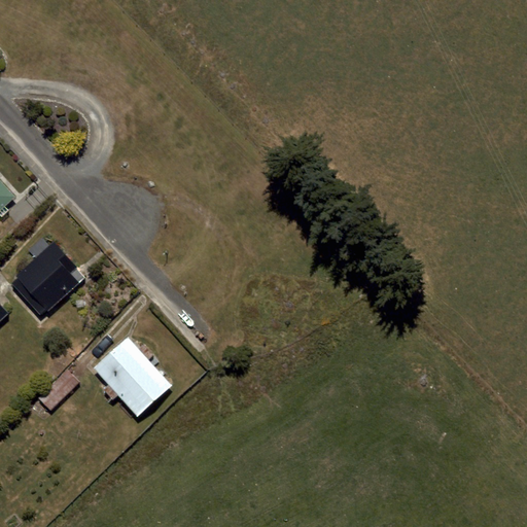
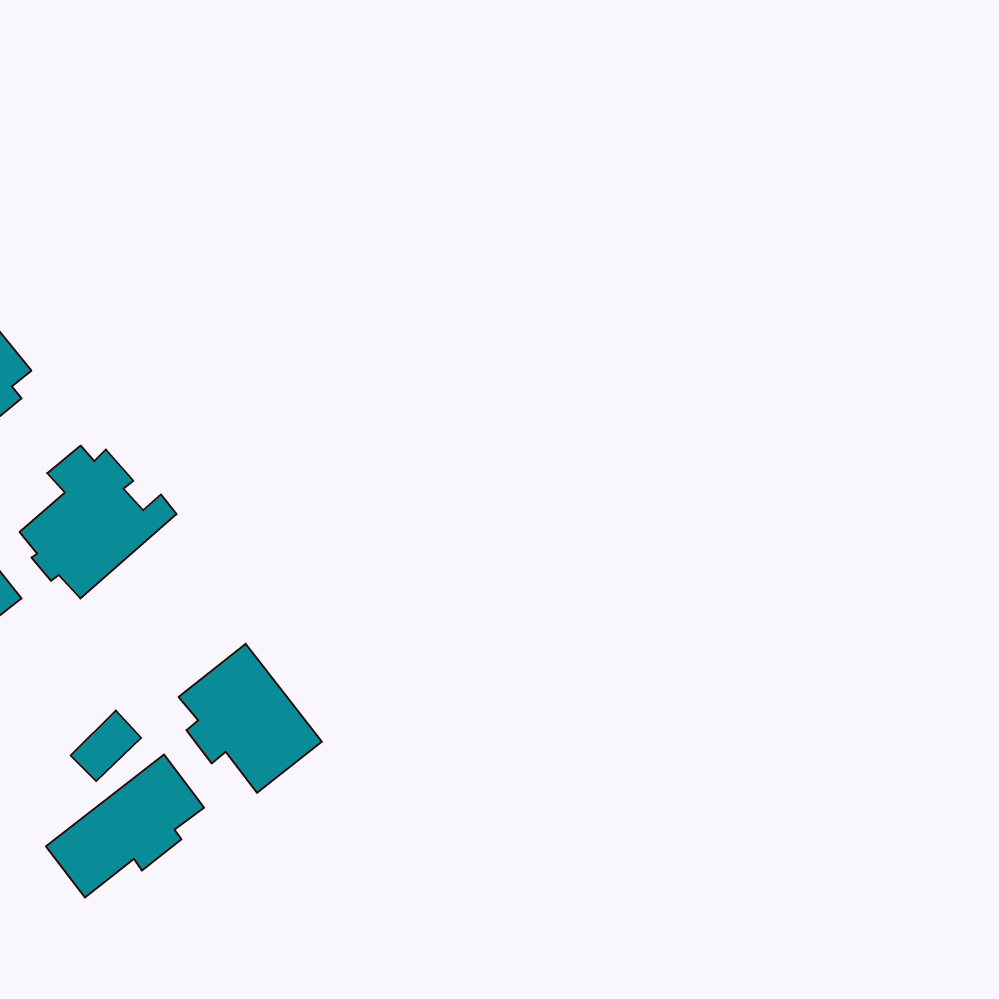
building: none -> [46,754,204,898]

